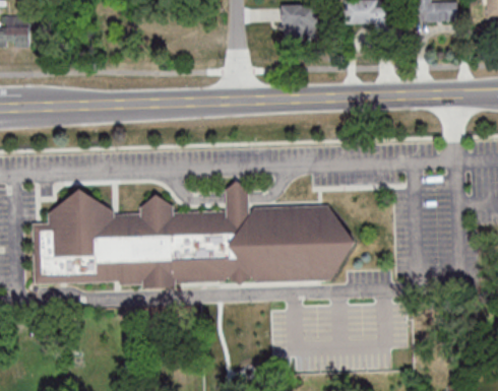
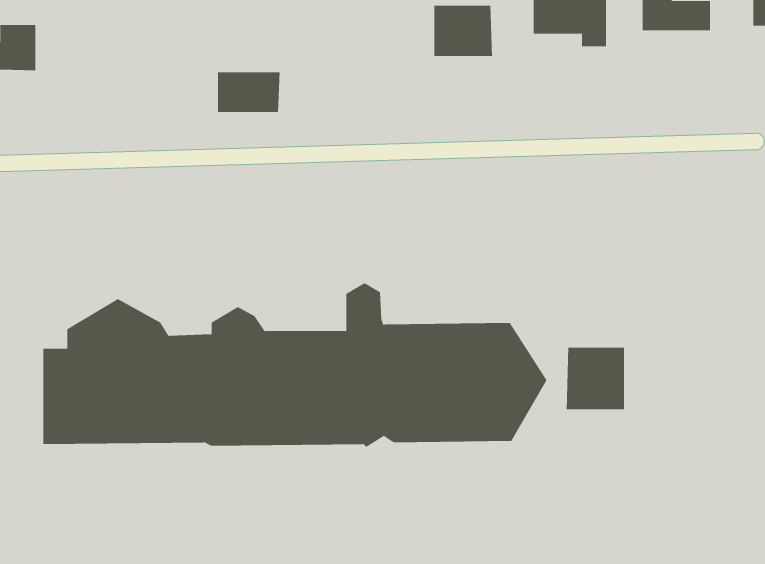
building: none -> [217,71,280,113]
building: none -> [566,347,624,410]

